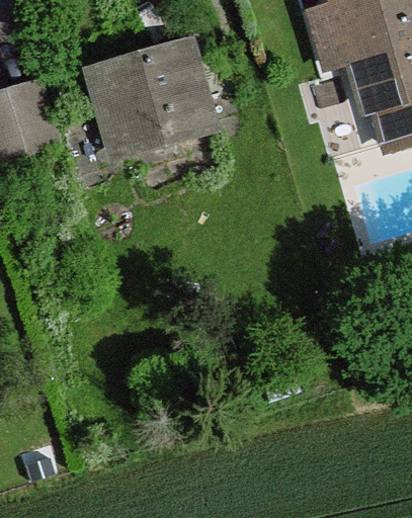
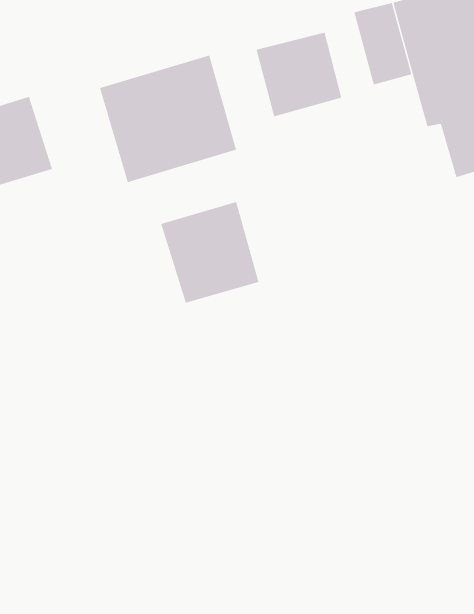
building: none -> [256,32,342,117]
building: none -> [160,201,259,304]

